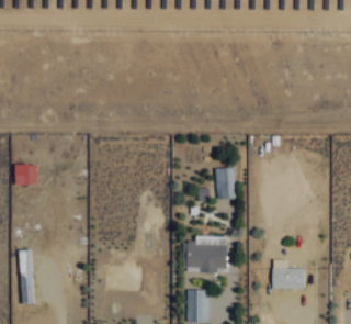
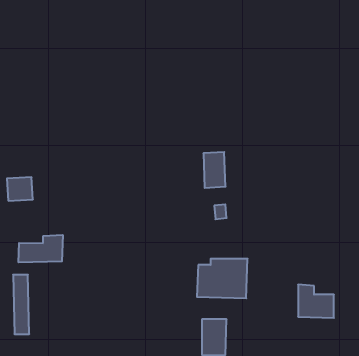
building: [215,167,235,199] -> [203,152,226,188]
building: none -> [19,235,63,262]

